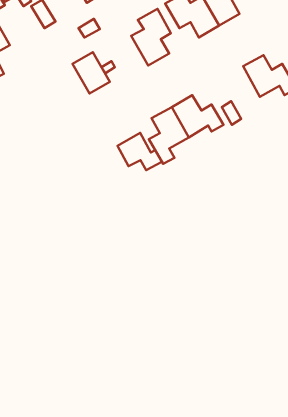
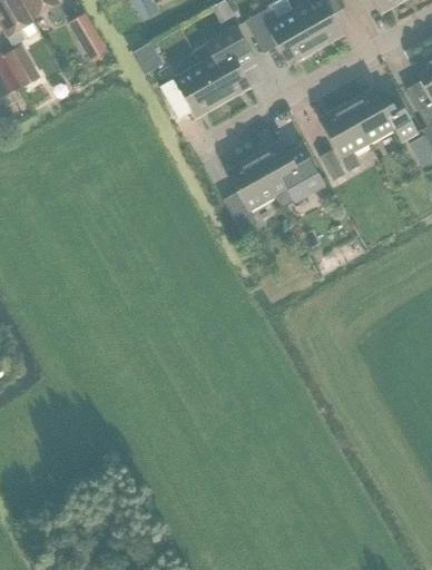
building: [72,52,110,94] -> [174,62,223,117]
building: none -> [320,102,370,170]
building: [117,133,162,170] -> none

